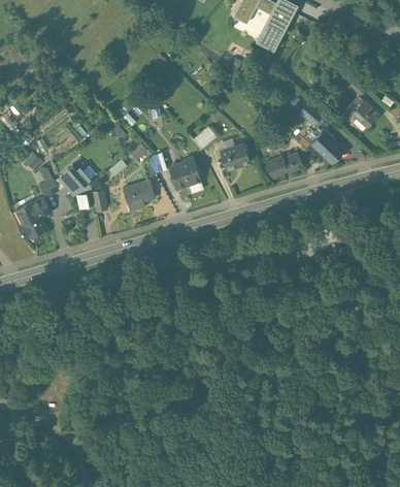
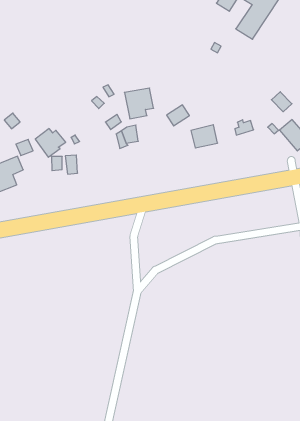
building: [265,154,303,178] -> none
building: [168,160,200,194] -> [124,88,154,119]
building: [123,180,155,210] -> none

